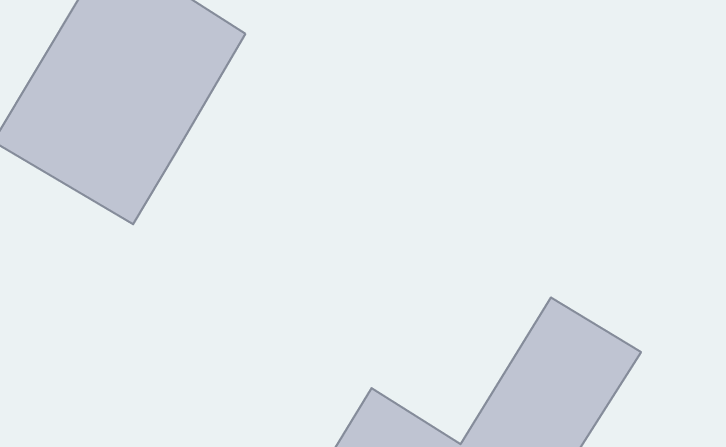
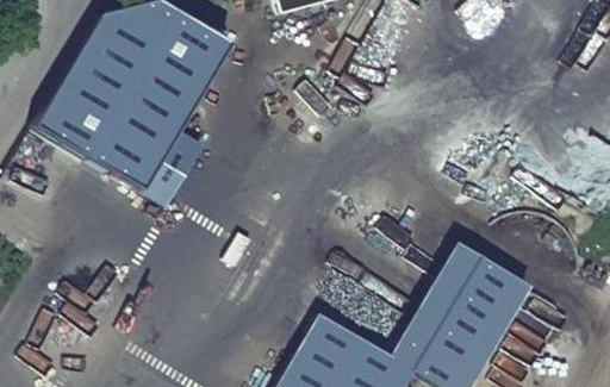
building: none -> [142,136,203,206]

